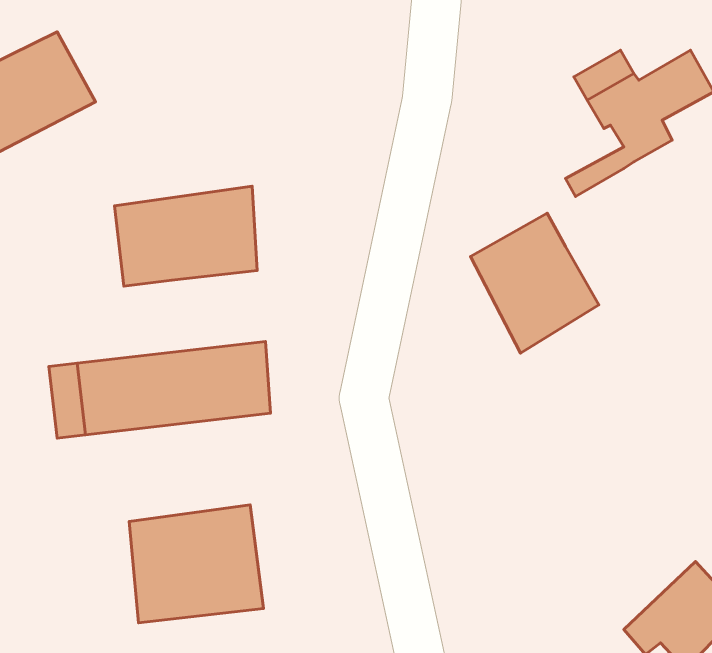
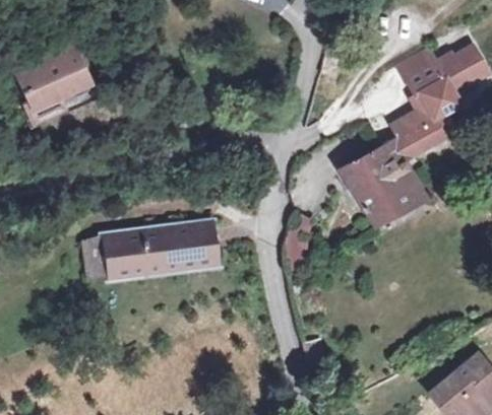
building: none -> [385,117,444,164]
building: [115,186,257,286] -> none
building: [129,505,264,623] -> none

